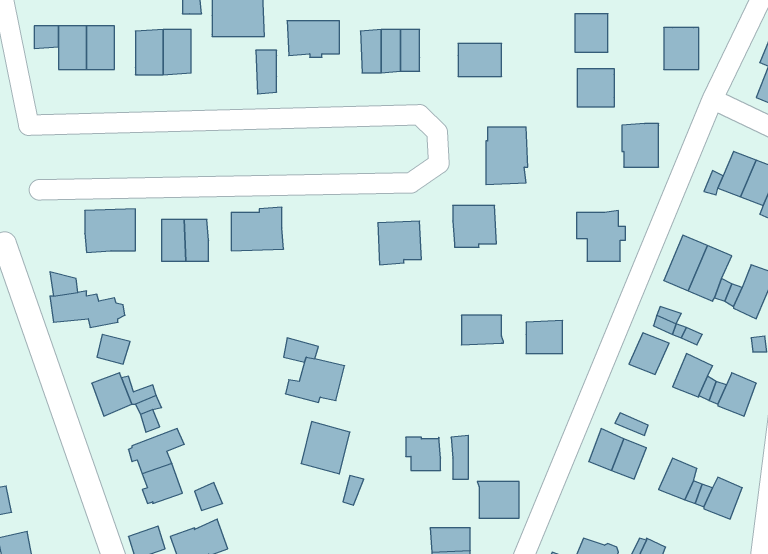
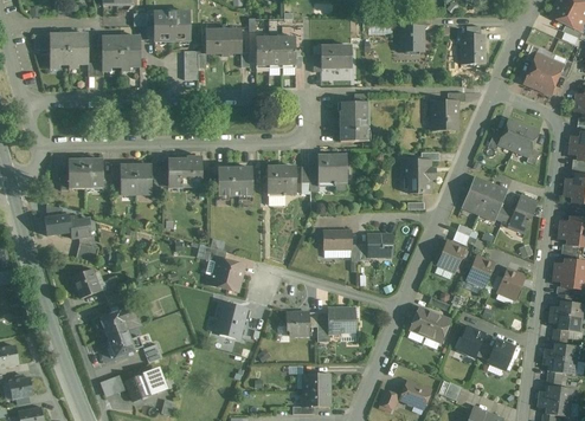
building: [577,69,614,107] -> none
building: none -> [217,167,251,195]
building: [477,482,519,518] -> [327,307,355,332]

